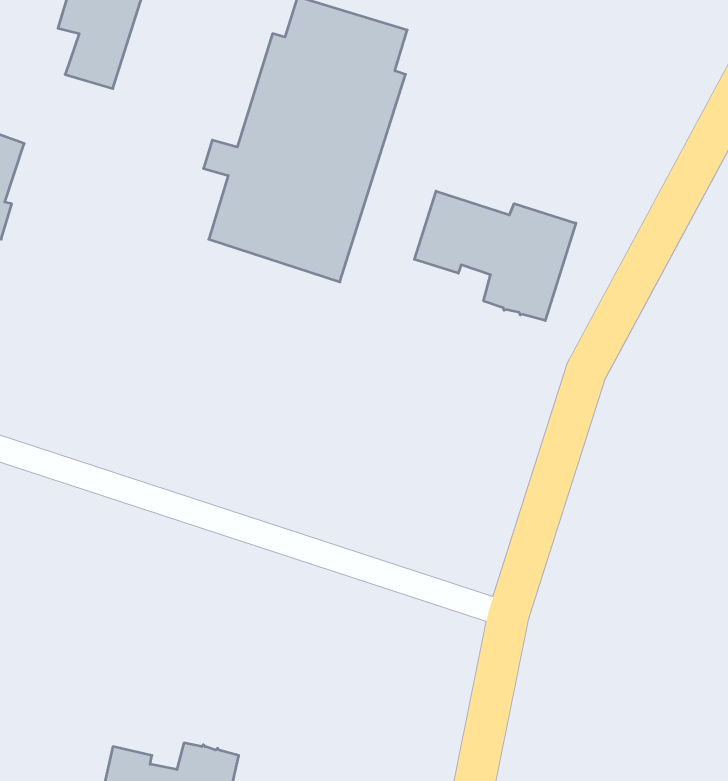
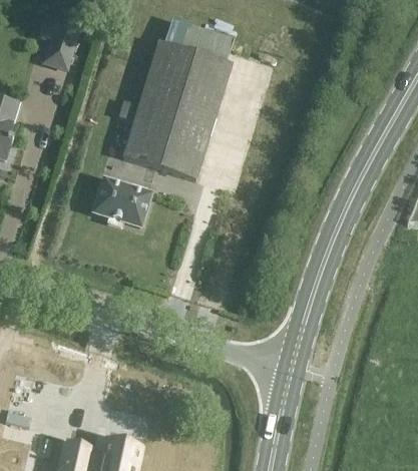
building: [414,191,576,321] -> none
building: none -> [94,177,150,225]

